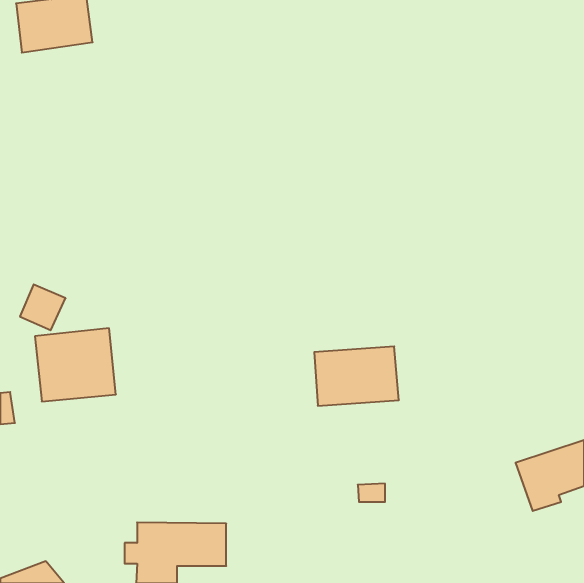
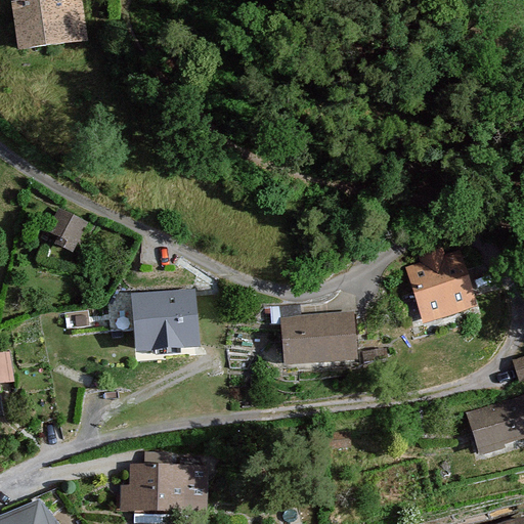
building: none -> [405,247,477,322]
building: [20,284,66,330] -> [46,209,87,250]
building: [35,328,116,401] -> [130,288,203,353]

